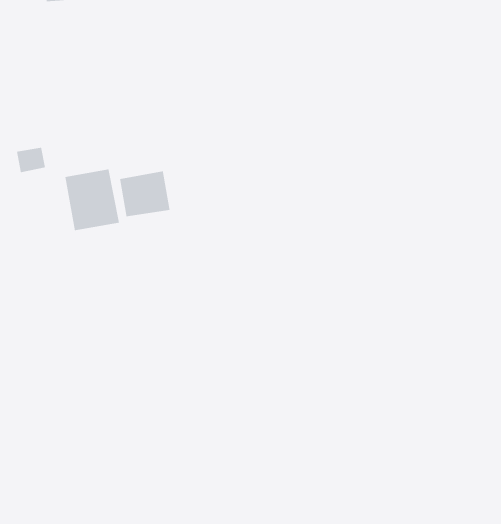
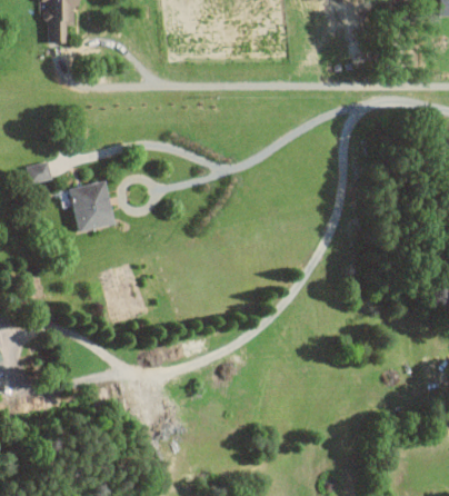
building: [120,171,170,217] -> none

